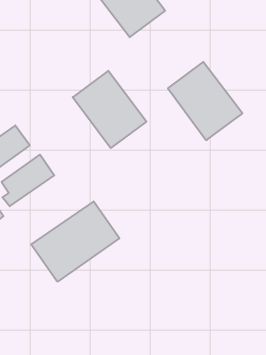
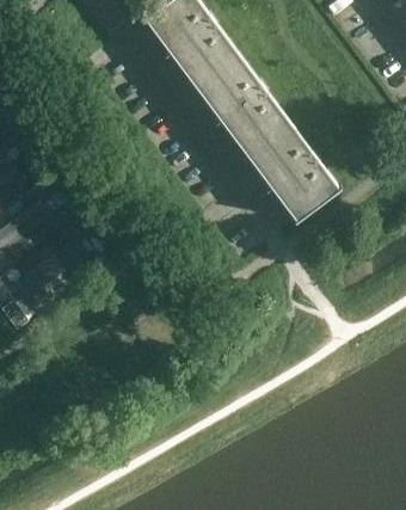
building: [73,71,146,148] -> [193,51,290,153]
building: [31,201,119,281] -> none

